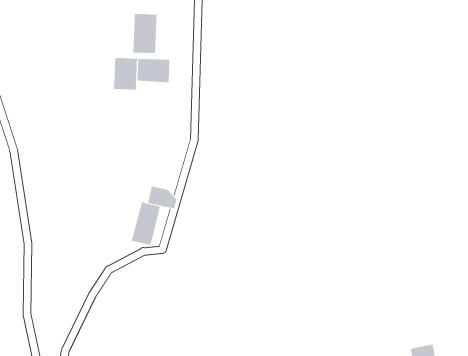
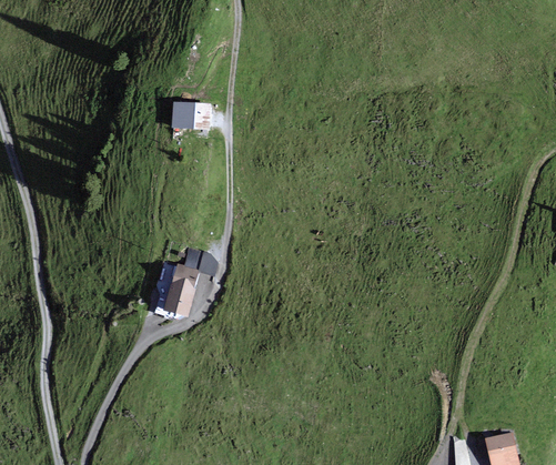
building: [133,13,157,54] -> none
building: [114,57,138,91] -> none

